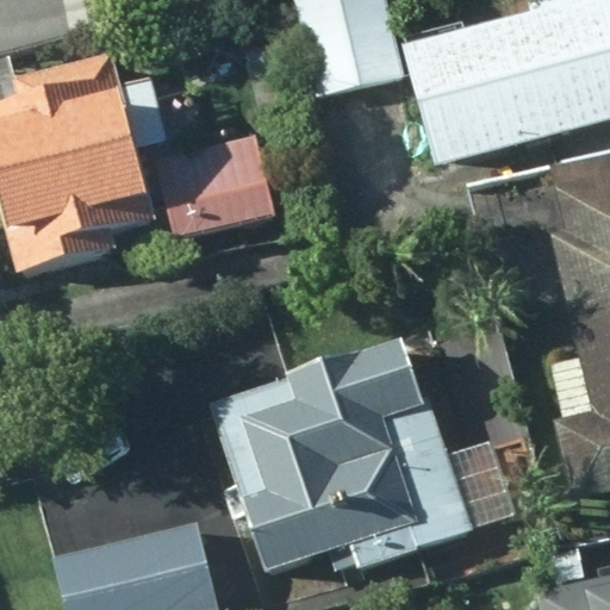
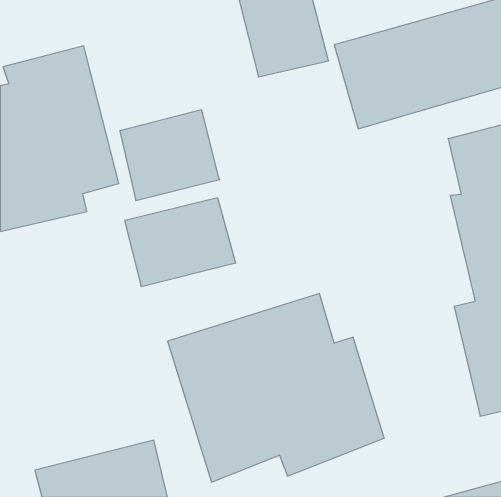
building: none -> [125,198,236,287]

